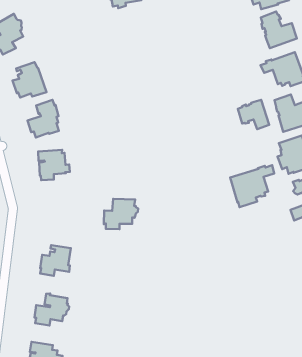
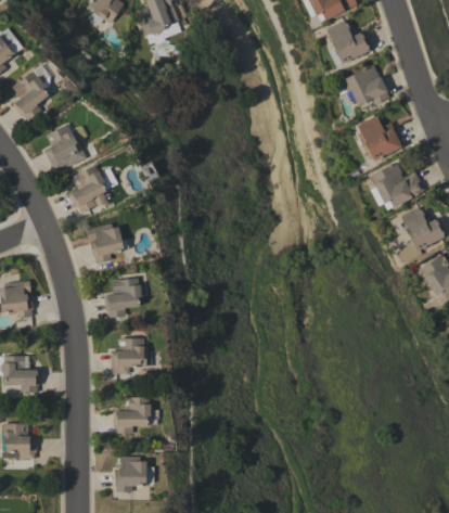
building: [238,100,269,129] -> none
building: [230,165,274,207] -> none
building: [104,199,138,229] -> [103,277,143,317]

